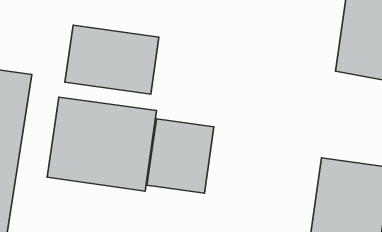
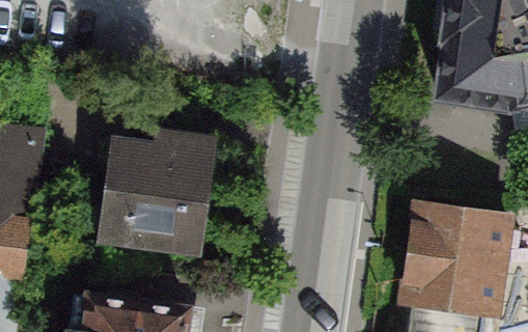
building: [65,25,159,94] -> none
building: [147,119,214,193] -> none

